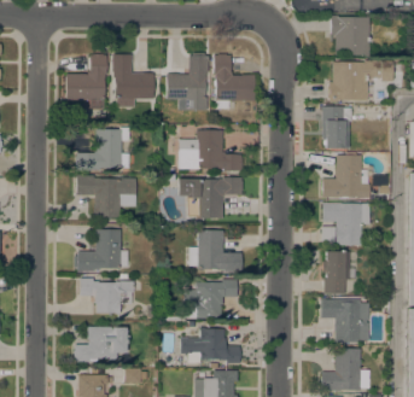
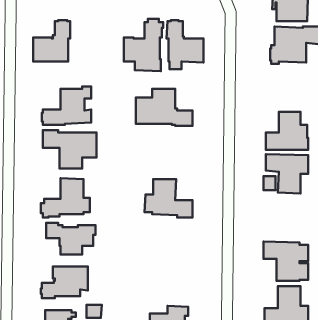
building: [112,53,154,106] -> none
building: [323,105,352,147] -> none
building: [177,176,244,217] -> none
building: [325,251,350,292] -> none
building: [163,279,239,320] -> none
building: [182,327,241,362] -> none

